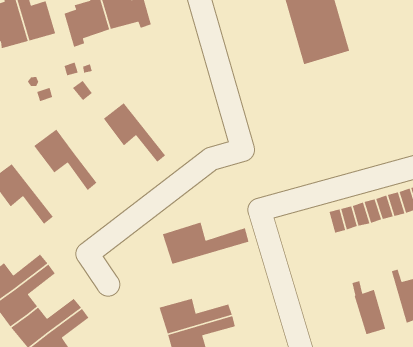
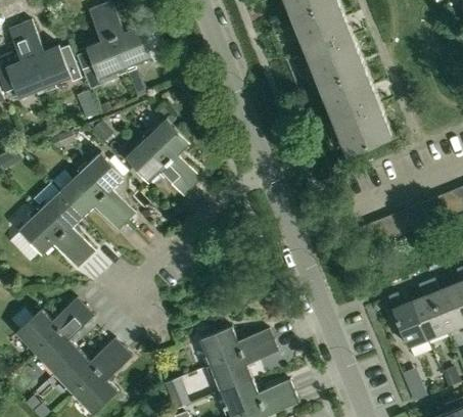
building: none -> [319,66,391,154]
building: none -> [144,119,200,188]
building: none -> [80,153,135,222]
building: none -> [39,191,95,260]
building: [162,222,249,265] -> none
building: none -> [411,281,446,339]

